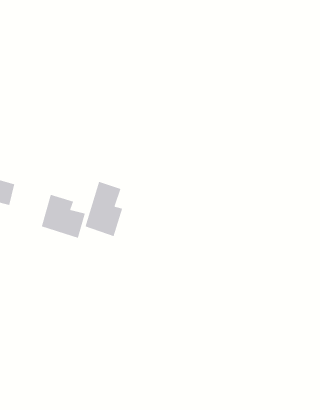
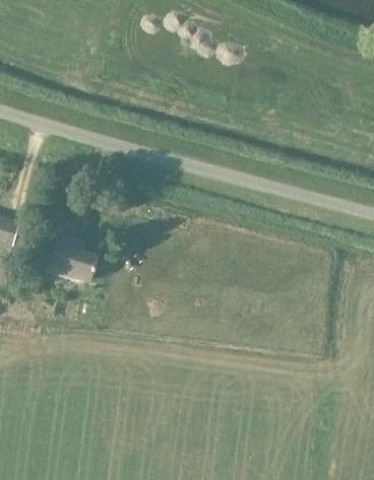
building: [85,181,123,237] -> none

